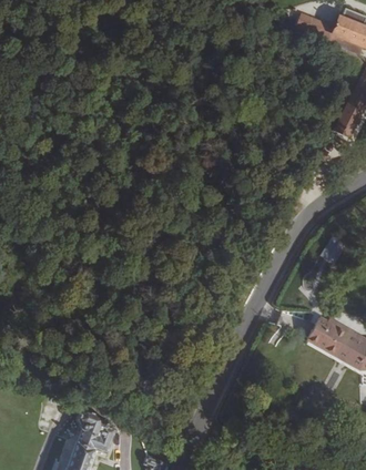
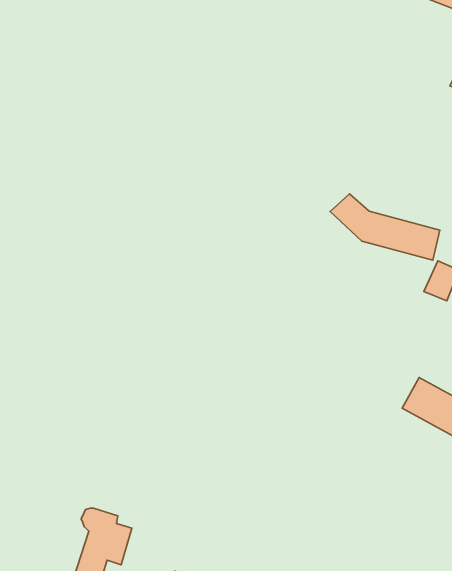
building: none -> [330,194,440,260]

